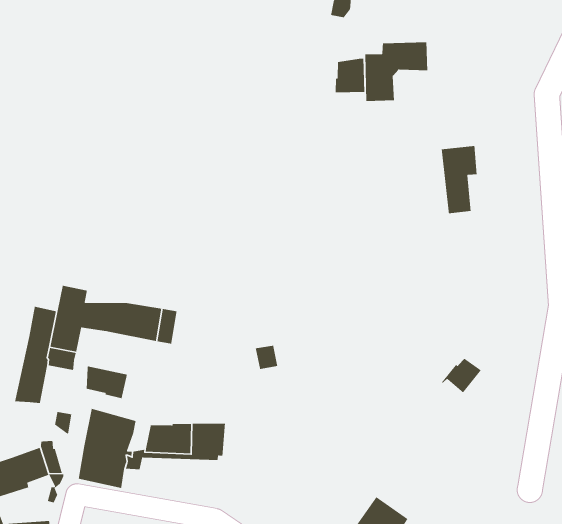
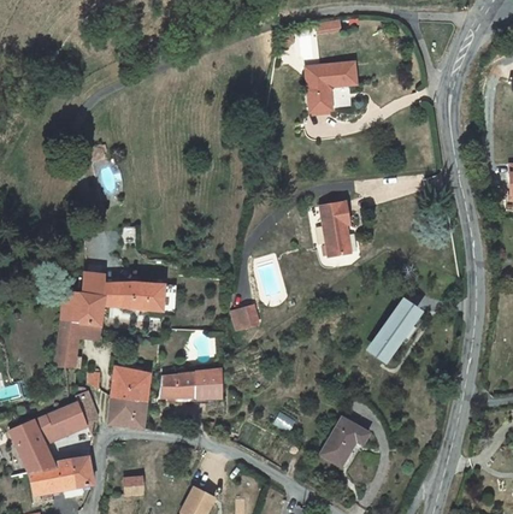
building: [335,58,365,93] -> none
building: [441,145,477,214] -> [319,201,349,256]
building: [86,366,128,399] -> none
building: none -> [372,323,403,356]

